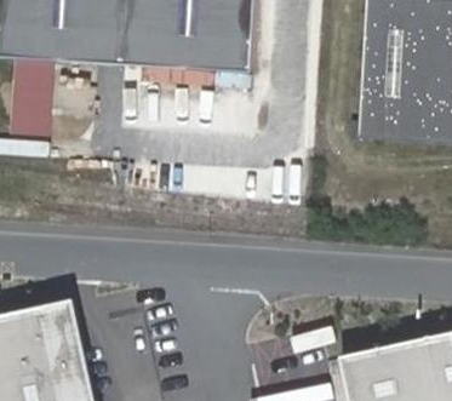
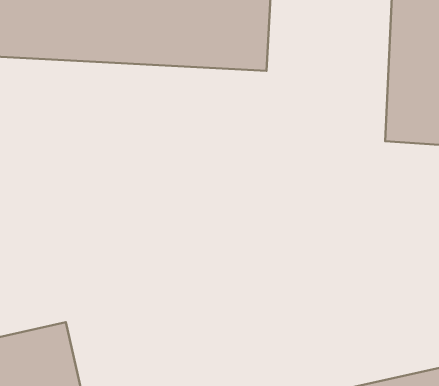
building: [16,58,58,134] -> none

